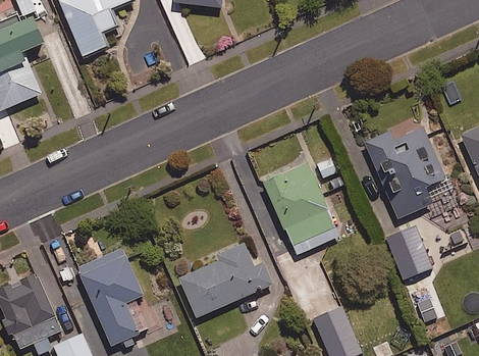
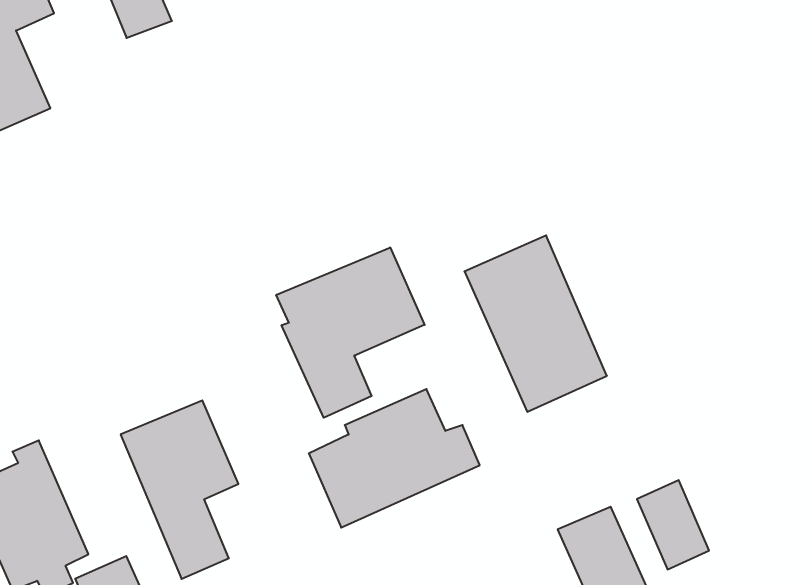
building: [365,125,444,218] -> none
building: none -> [276,247,425,418]
building: [391,230,430,277] -> [637,480,709,569]

